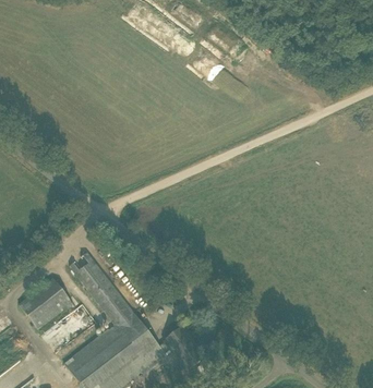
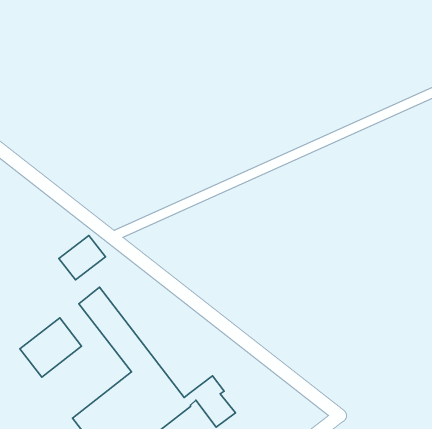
building: none -> [59,235,105,280]

